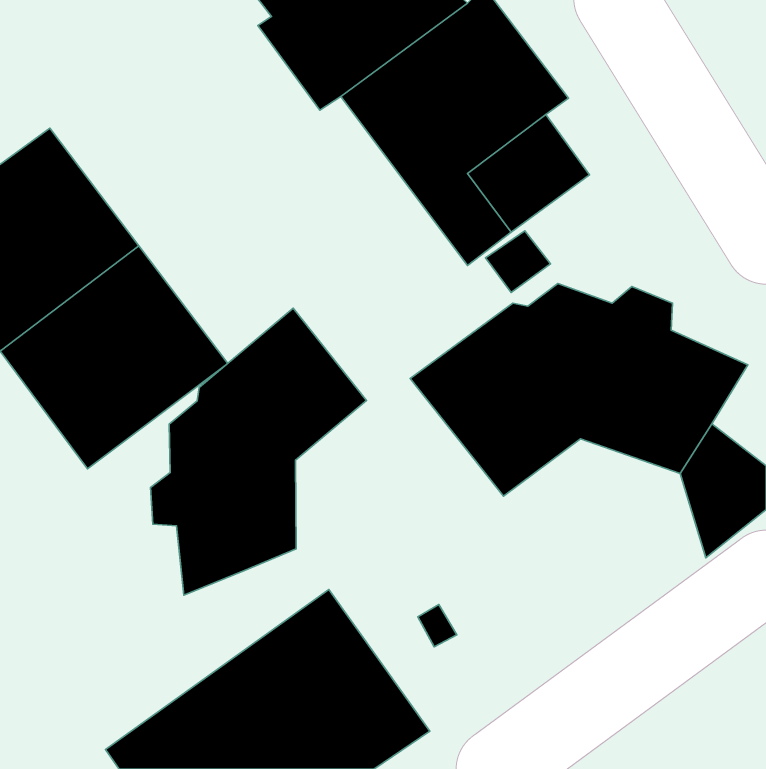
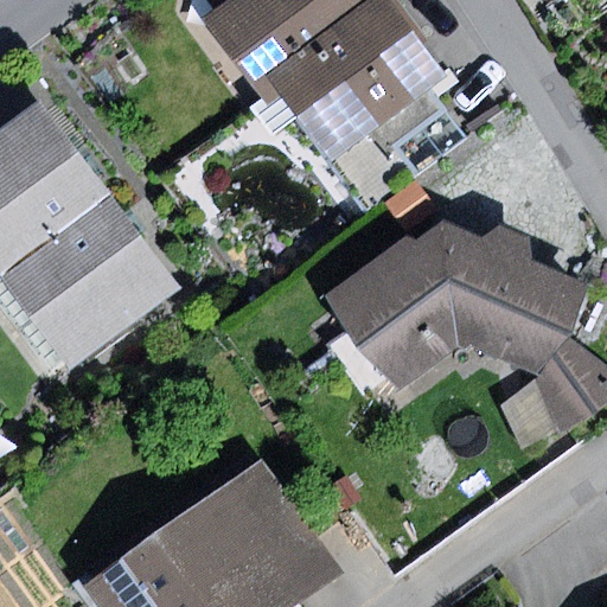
building: [150,308,367,595] -> none

